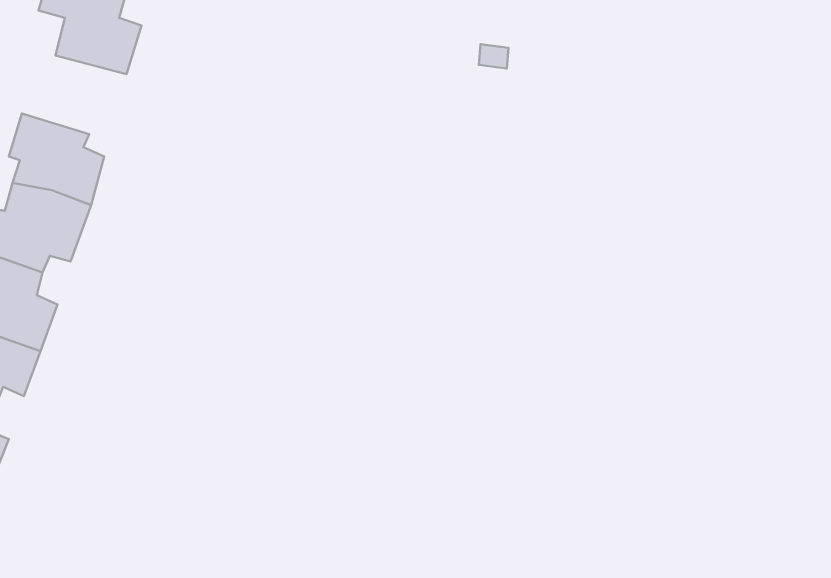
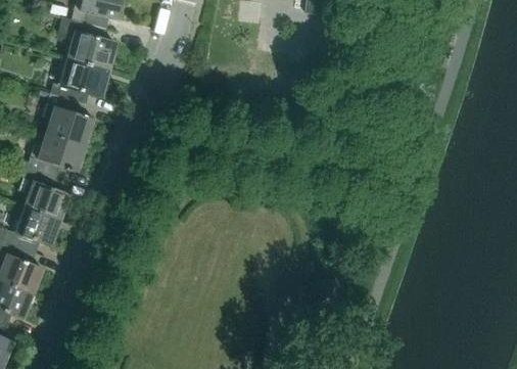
building: none -> [49,58,106,101]

